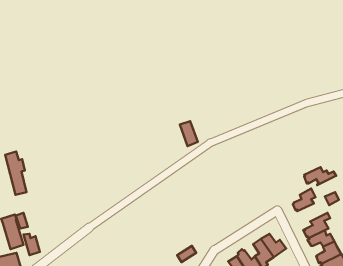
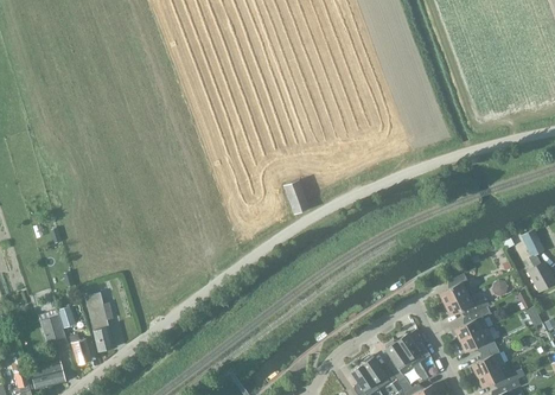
building: [5,151,27,195] -> [85,292,115,351]
building: [304,167,336,185] -> [446,293,490,318]

